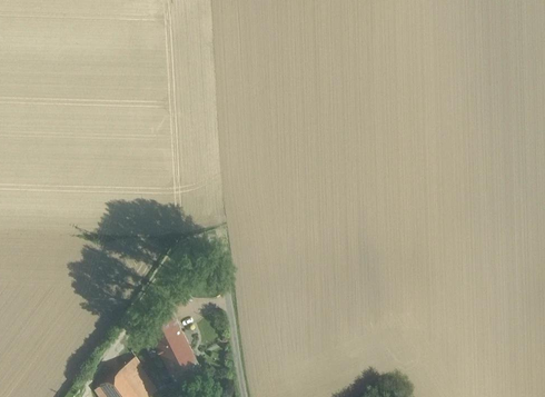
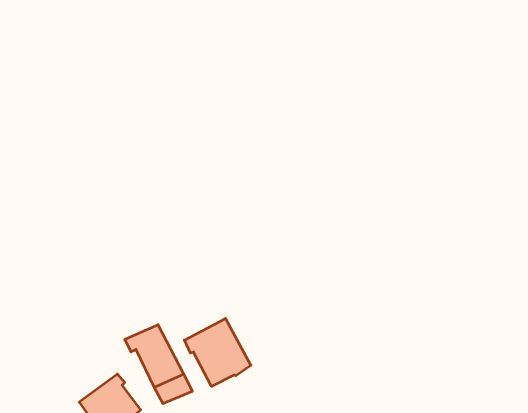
building: none -> [184,318,251,386]

